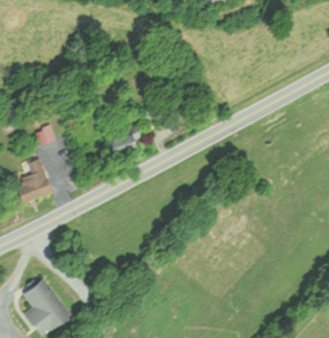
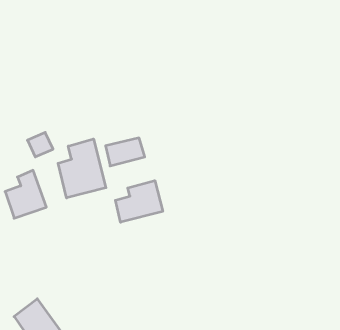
building: none -> [58,139,106,198]
building: none -> [115,181,163,222]

